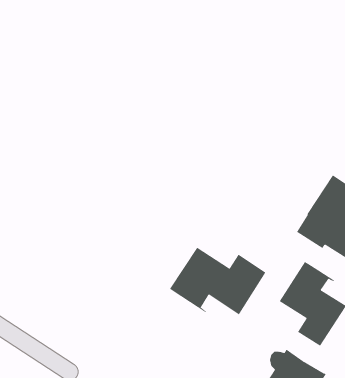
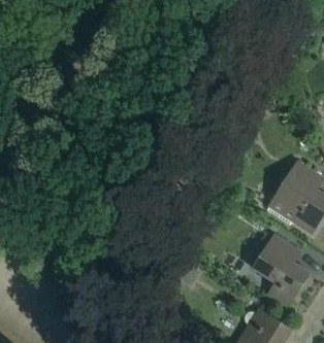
building: [169,247,266,316] -> none

